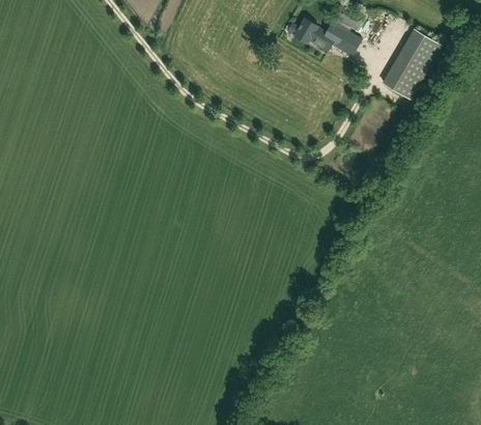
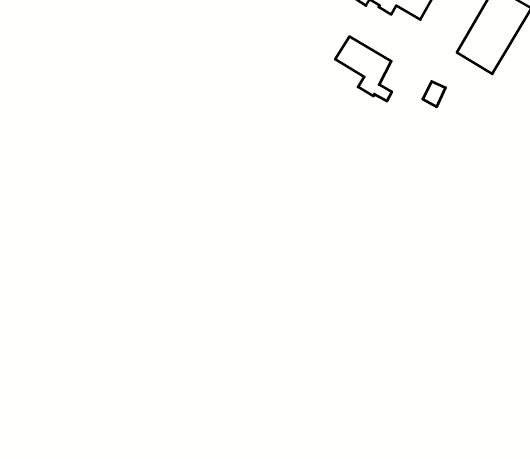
building: none -> [335,37,392,101]

